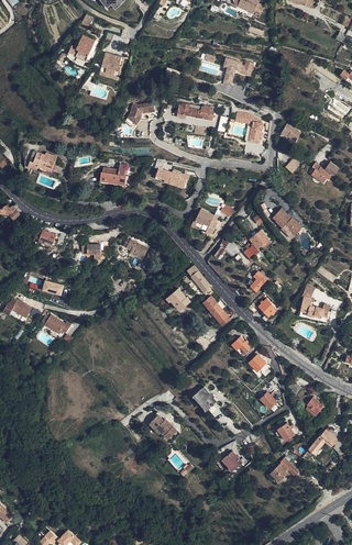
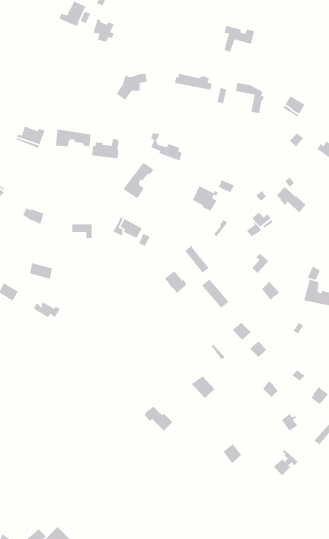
building: none -> [55,128,91,147]
building: none -> [122,162,154,200]

